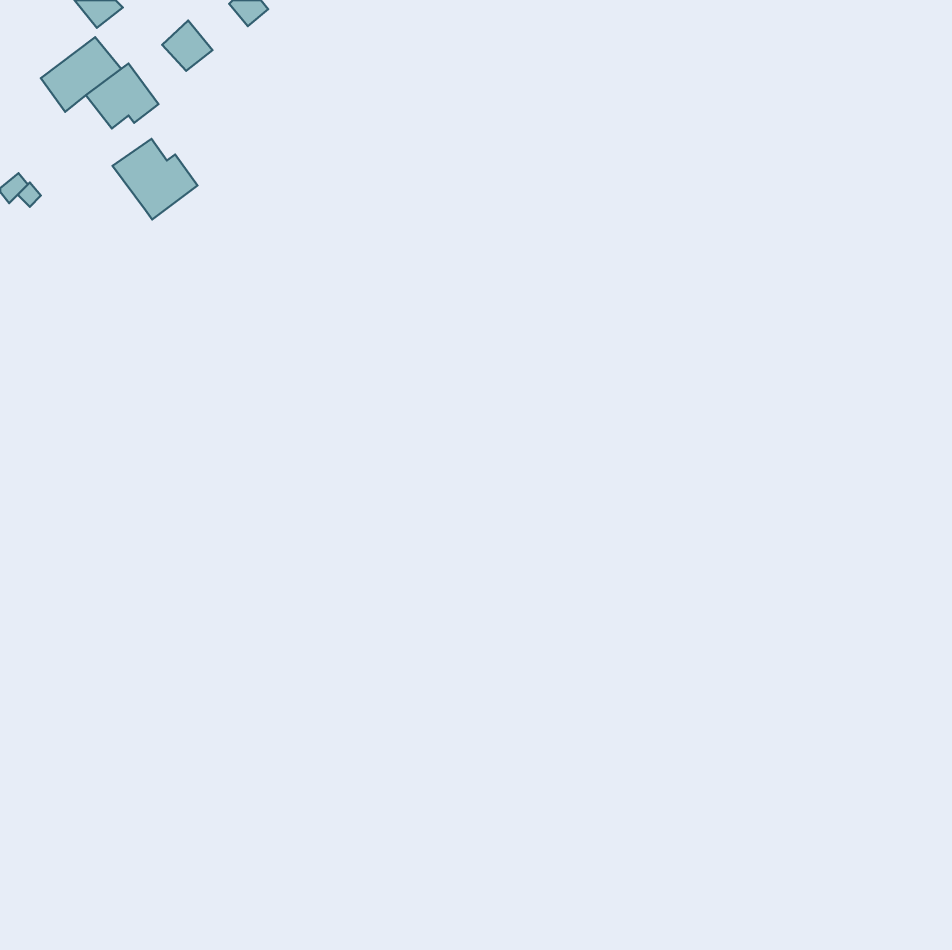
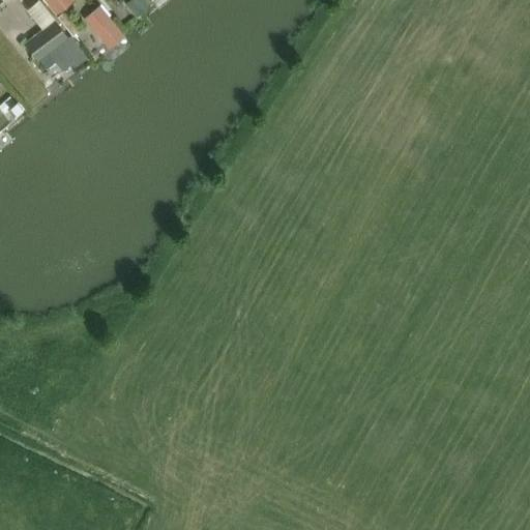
building: [113,139,197,220] -> none

